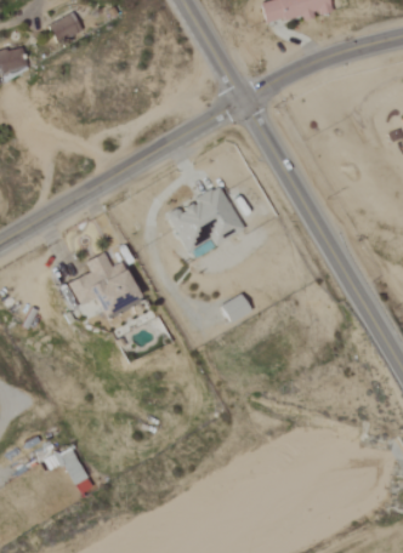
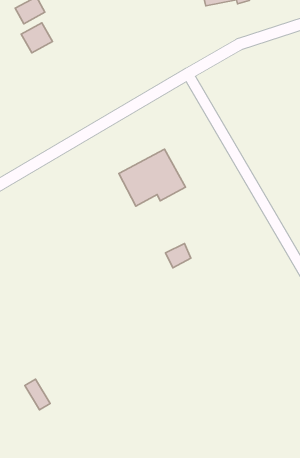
building: none -> [21,23,53,53]
building: [68,252,140,317] -> none

